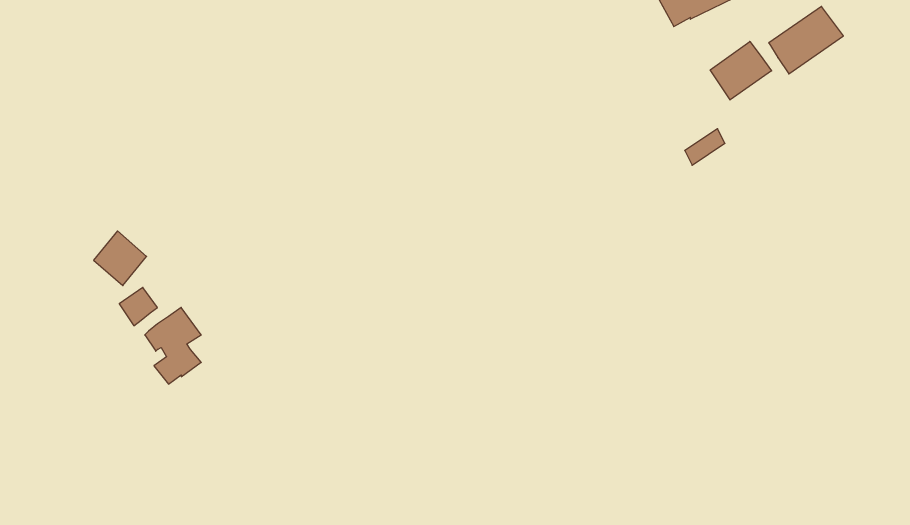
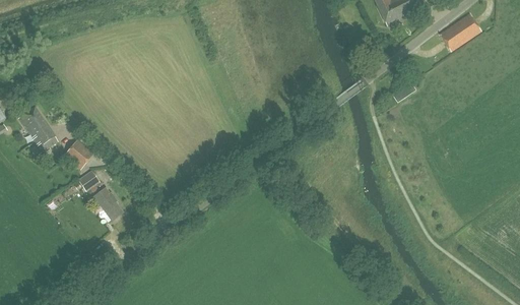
building: [710,41,772,100] -> none
building: none -> [17,107,57,151]

